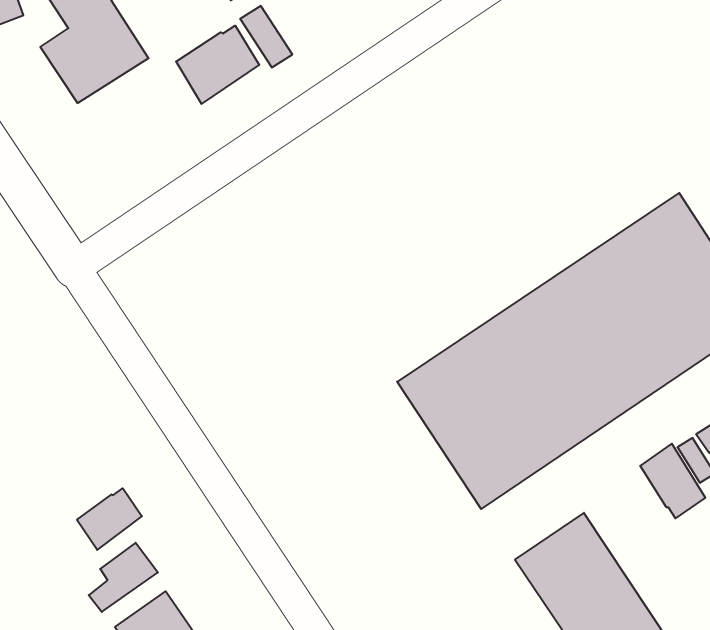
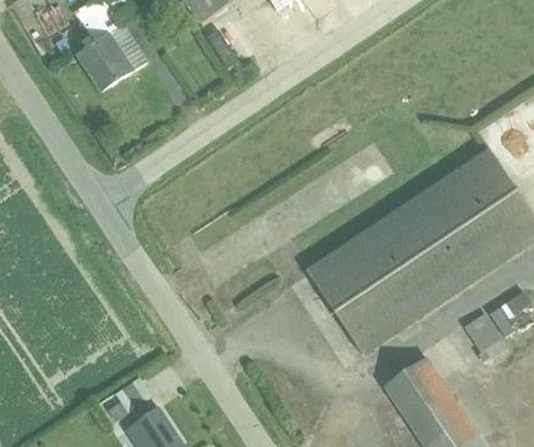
building: [176,26,259,104] -> none
building: [77,488,142,550] -> none

